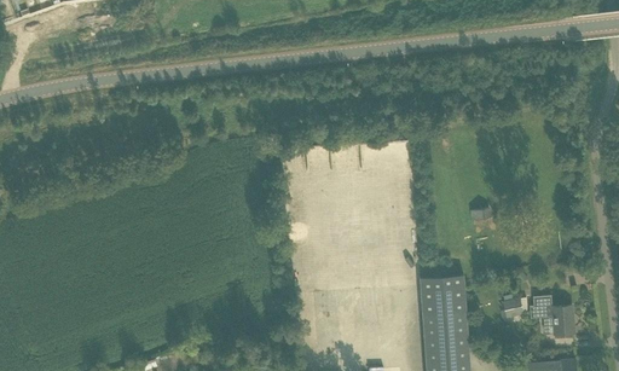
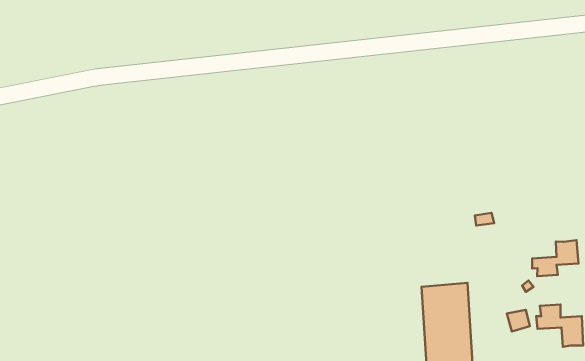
building: none -> [532,240,578,276]

